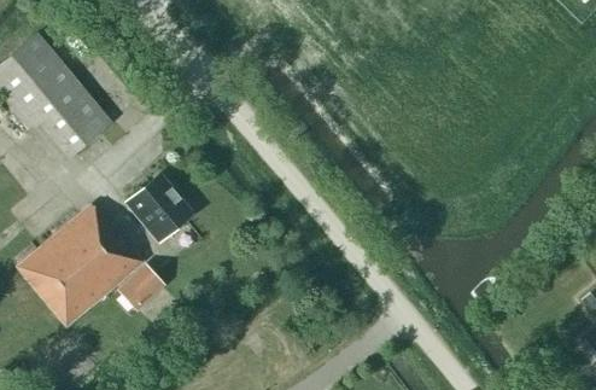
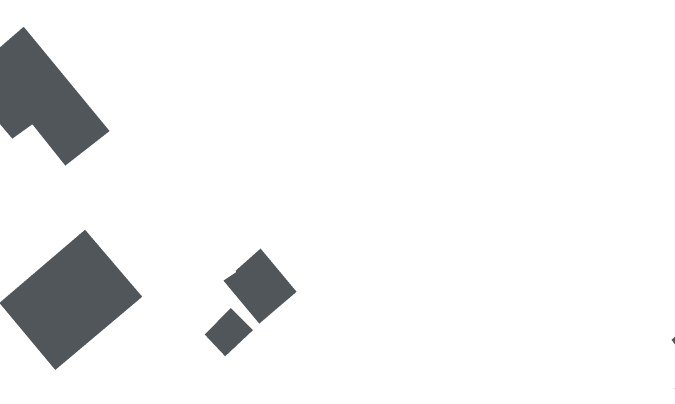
building: [129,175,193,240] -> [222,248,298,325]
building: [121,268,163,310] -> [204,307,254,357]

